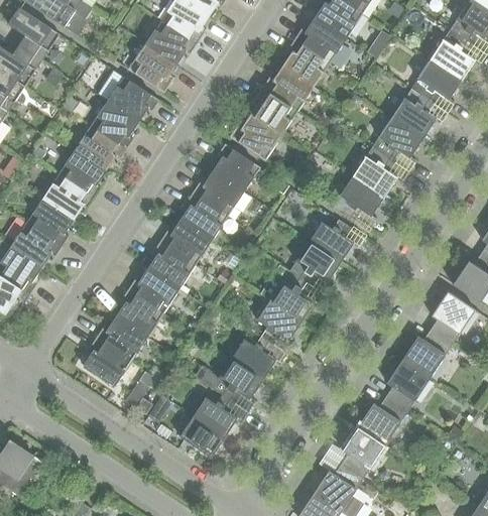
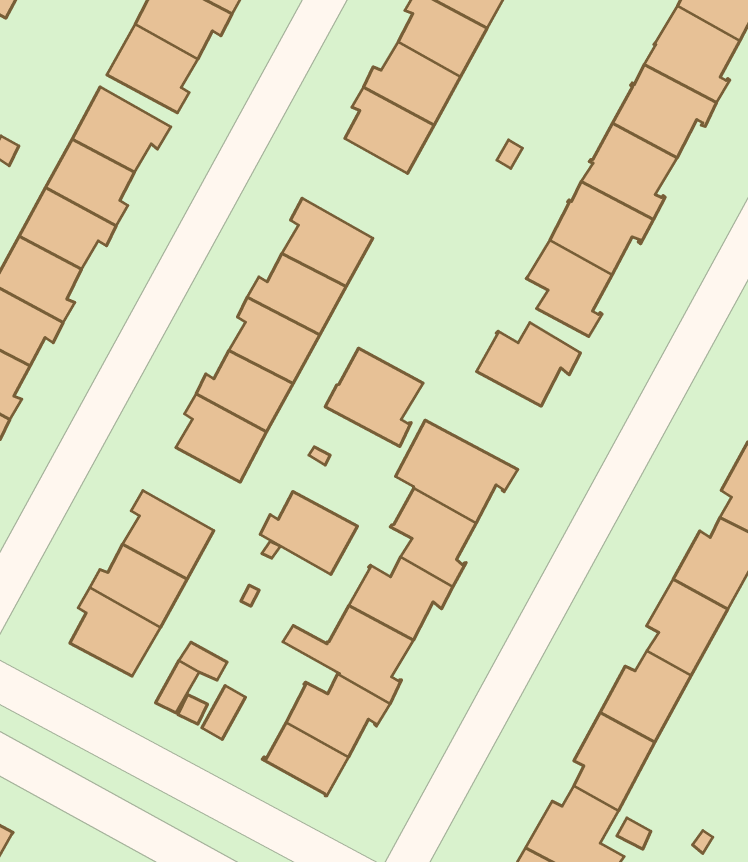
building: [228,114,280,160] -> none
building: [287,242,340,295] -> [325,348,423,447]
building: [127,268,178,313] -> [260,491,357,575]

